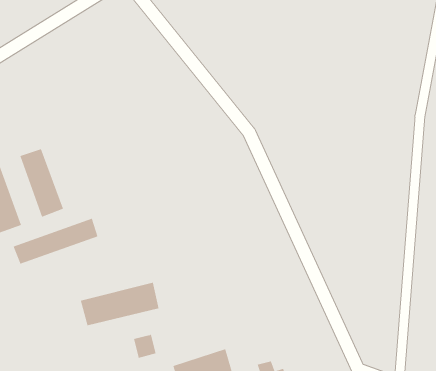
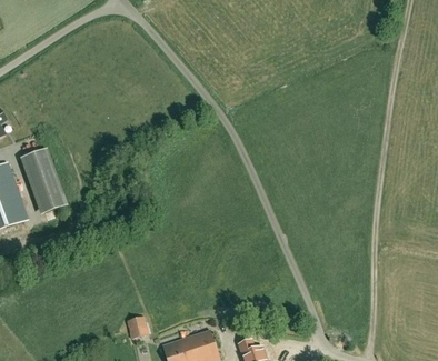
building: [13,218,98,264] -> none
building: [80,282,159,326] -> none

